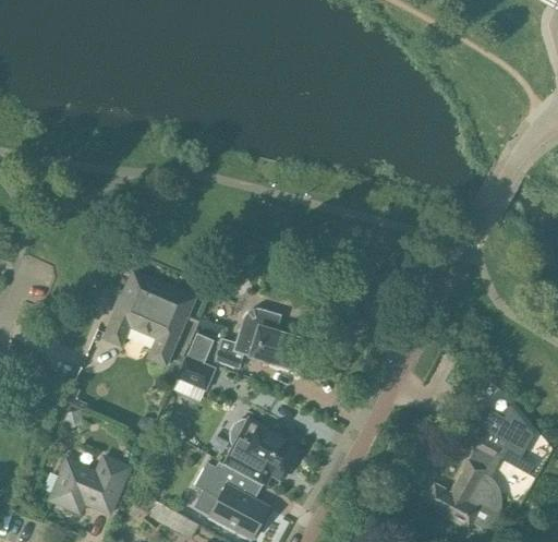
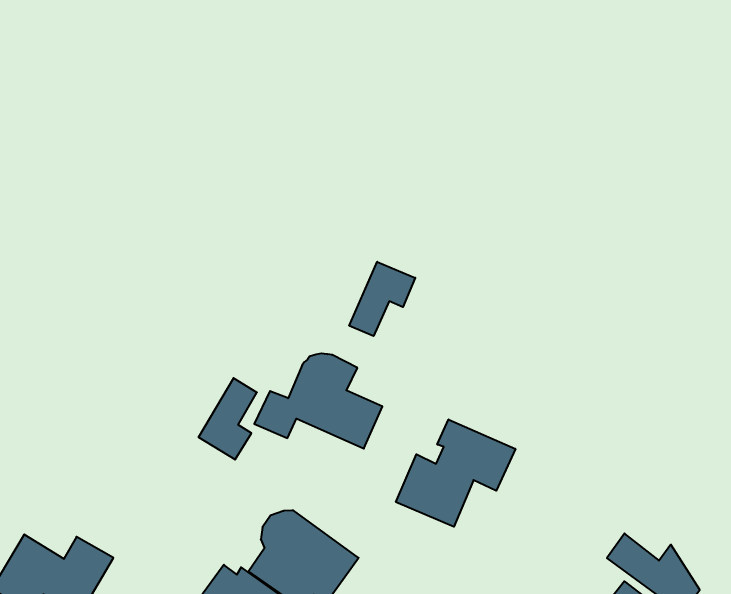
building: none -> [349,262,415,336]
building: [104,274,194,365] -> none
building: none -> [396,419,515,527]

